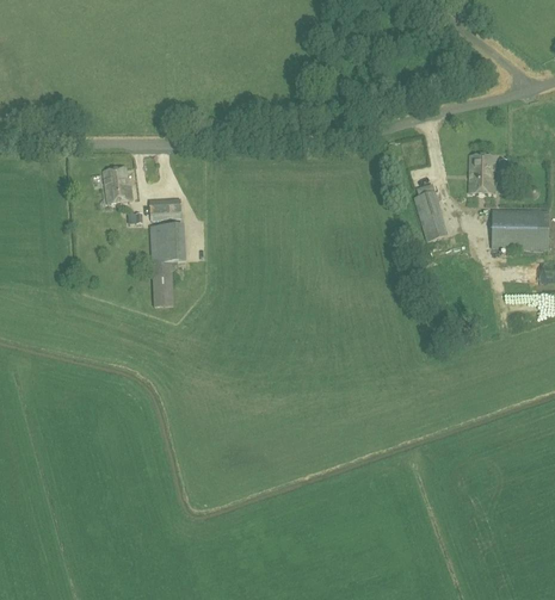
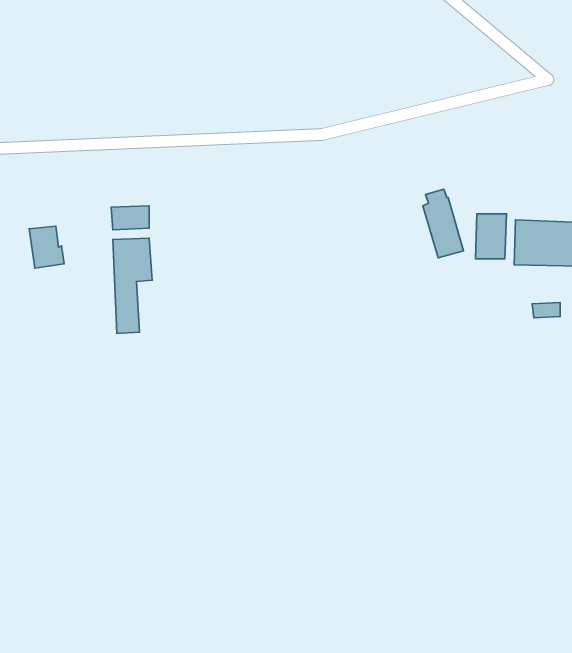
building: [469,154,495,192] -> [476,214,506,259]
building: [103,167,132,203] -> [29,226,64,268]

